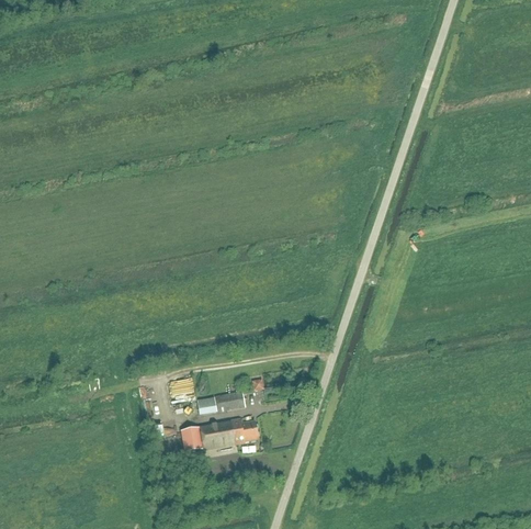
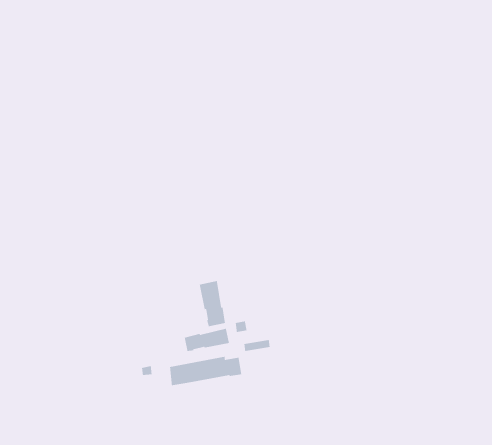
building: none -> [199,280,226,327]

